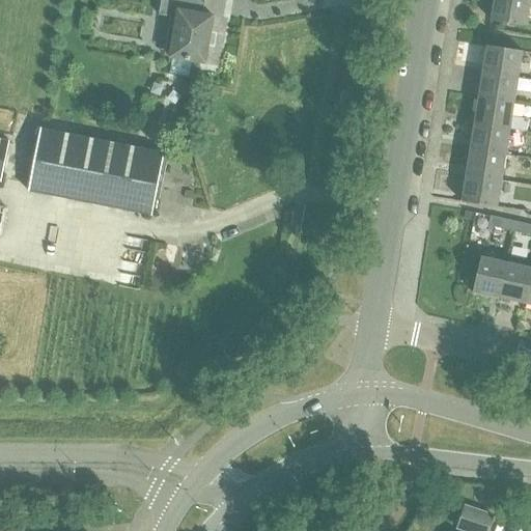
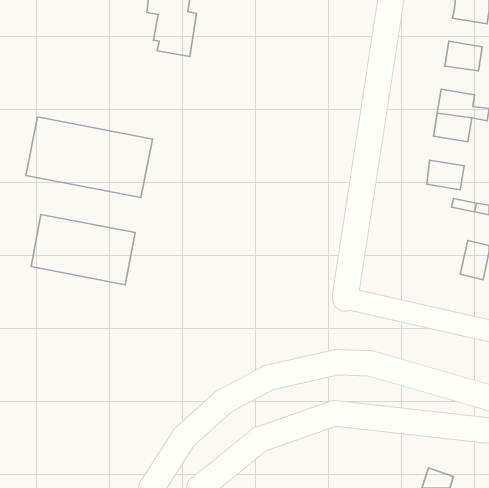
building: [477,72,518,103] -> none
building: [465,147,506,179] -> none
building: none -> [31,214,135,285]
building: [472,255,506,297] -> none

